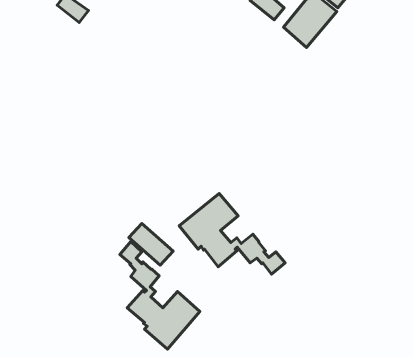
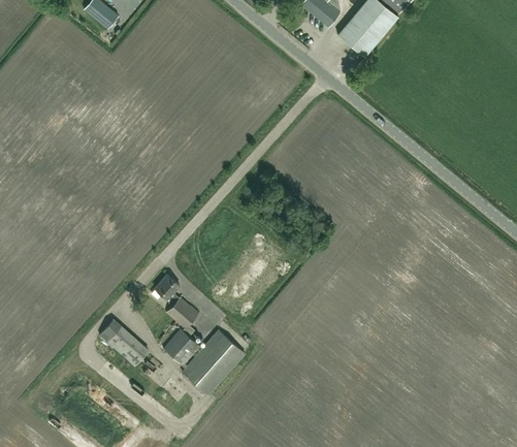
building: [179,194,285,274] -> none
building: [129,224,173,265] -> [99,319,149,365]

